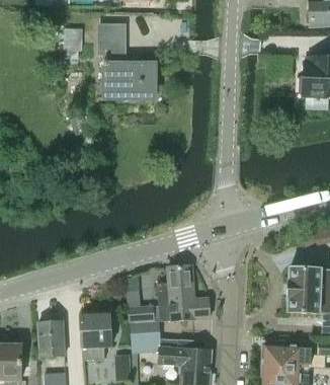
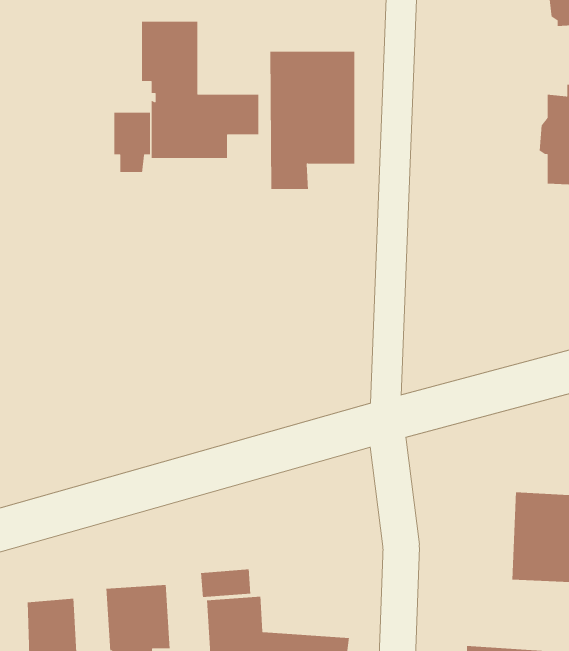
building: [63,28,82,60] -> [113,112,151,173]
building: none -> [270,51,355,190]
building: [157,265,211,322] -> none

